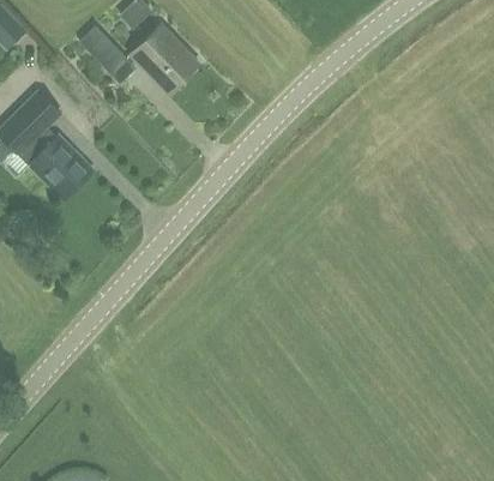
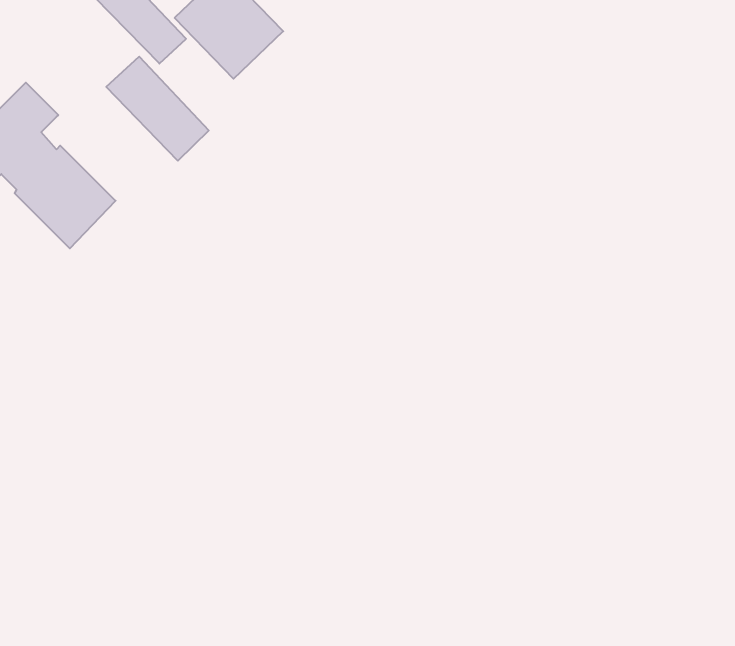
building: none -> [106,57,209,161]

